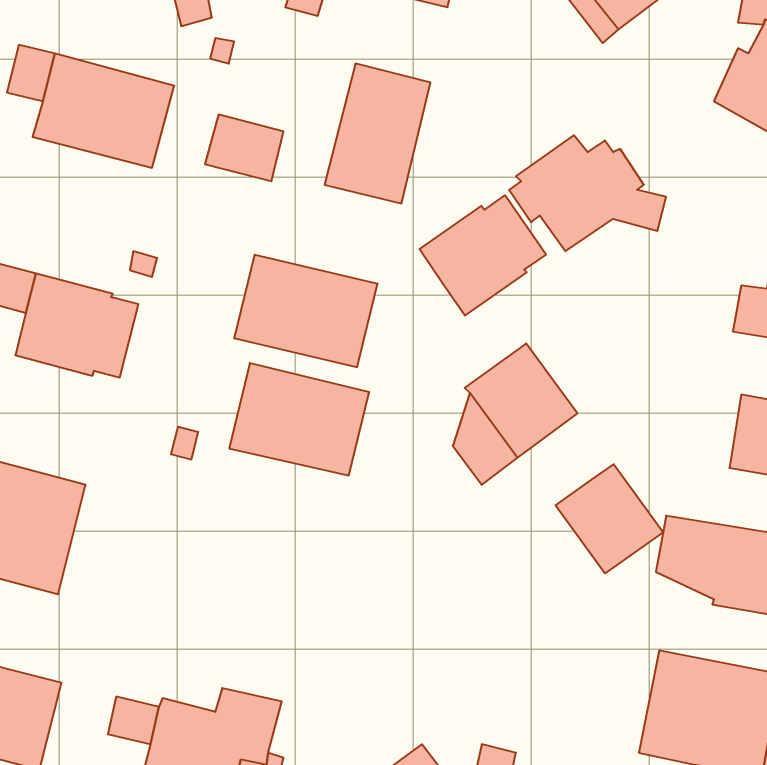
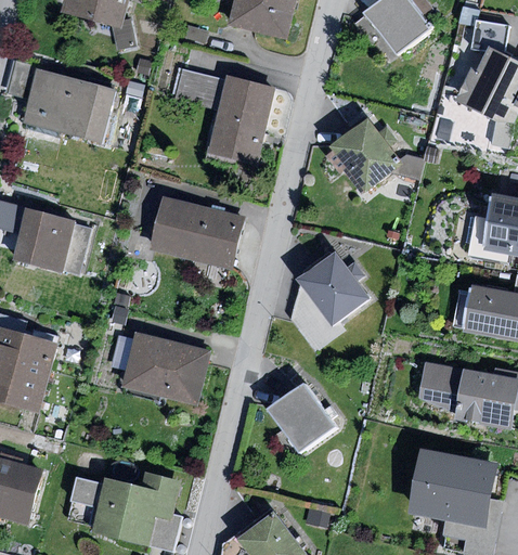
building: [205,115,283,181] -> [176,61,225,103]
building: [420,195,546,316] -> none
building: [229,363,369,476] -> [121,333,210,404]
building: [556,464,663,573] -> [267,384,335,453]

